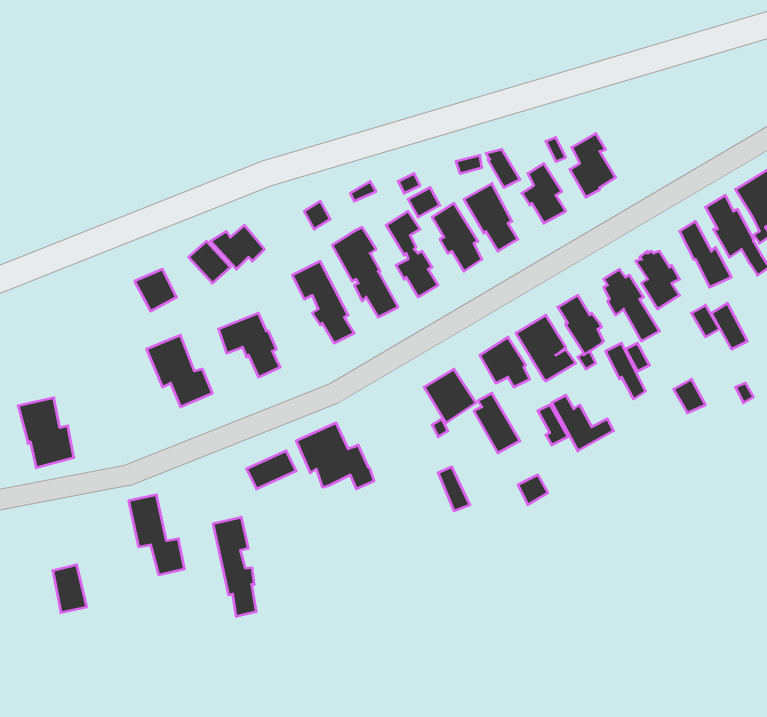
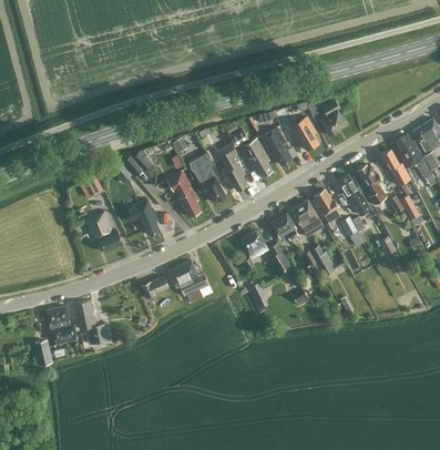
building: [18,398,74,468] -> [45,306,76,345]
building: [213,517,256,617] -> none

